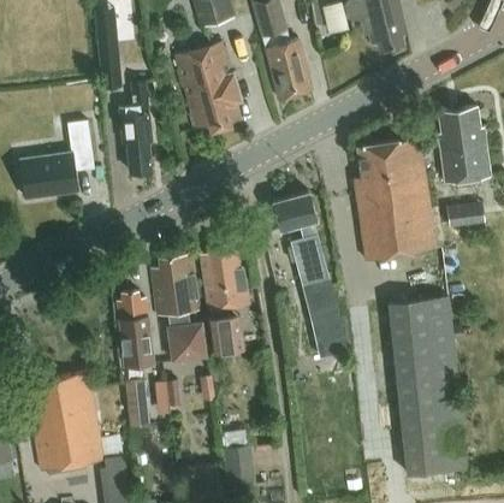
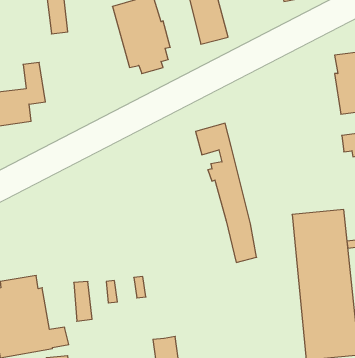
building: [120,82,152,173] -> none
building: [354,138,435,261] -> none
building: [201,243,249,351] -> none
building: [152,255,201,357] -> none
building: [118,292,153,368] -> none

